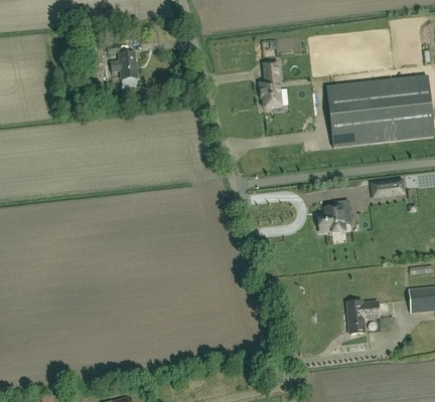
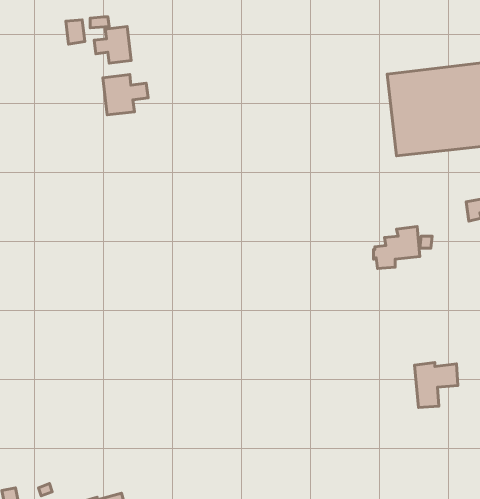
building: [260,61,281,109] -> none
building: none -> [103,75,148,115]

